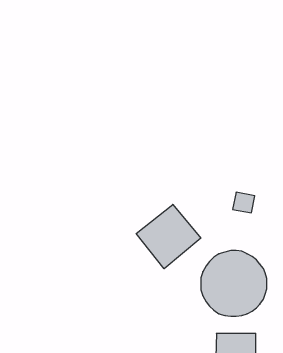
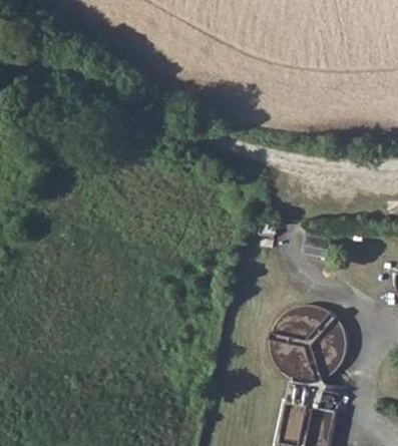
building: [136,204,201,269] -> none

